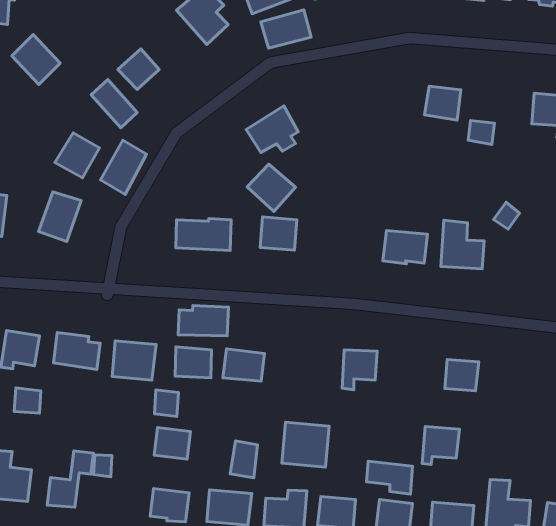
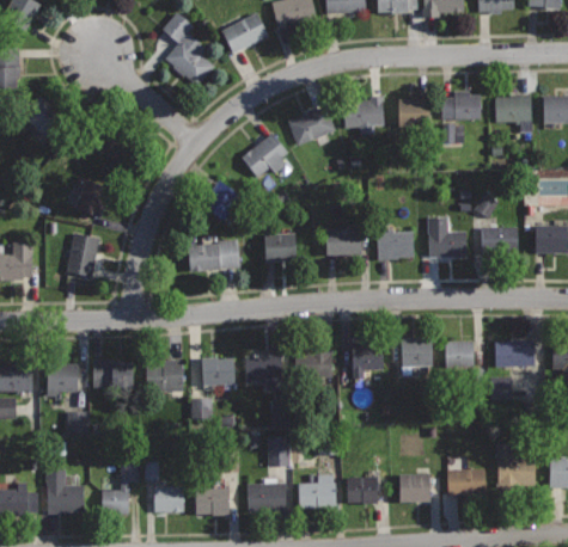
building: [261,10,311,48] -> [287,106,334,145]
building: [118,49,159,89] -> none
building: none -> [342,97,384,135]
building: none -> [441,91,480,118]
building: [100,140,146,194] -> none
building: [247,164,295,211] -> [201,180,244,222]
building: none -> [325,229,362,256]
building: none -> [481,227,518,256]
building: [178,306,229,336] -> none
building: none -> [494,340,535,367]
building: [282,422,329,467] -> [293,350,334,388]
building: [422,426,460,465] -> [401,339,432,374]
building: [154,428,190,459] -> [154,487,184,512]
building: [366,461,412,494] -> none

